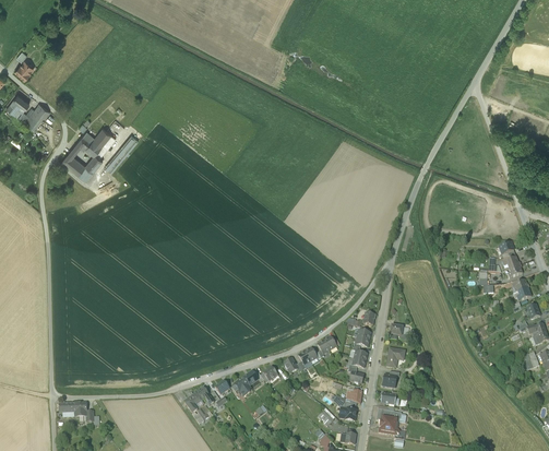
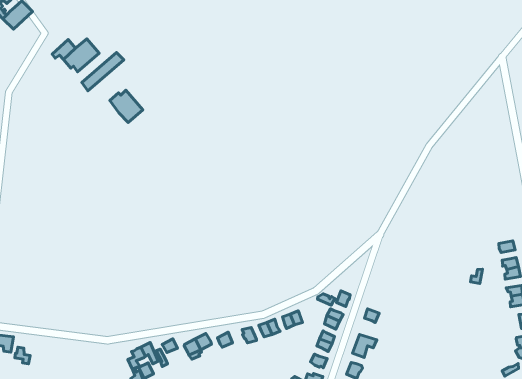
building: [62,149,103,180] -> none
building: none -> [110,90,143,123]

